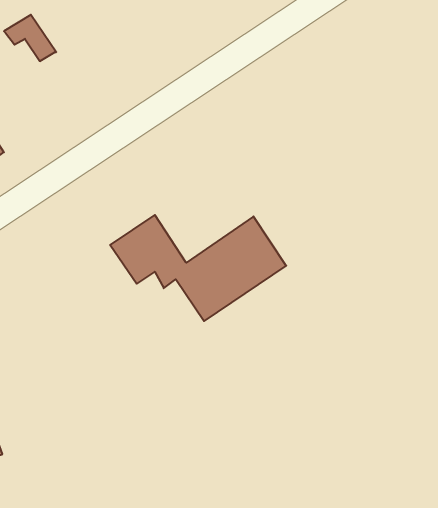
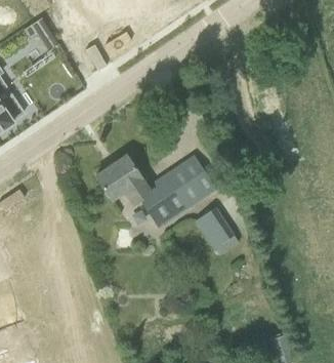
building: none -> [196,206,241,255]

